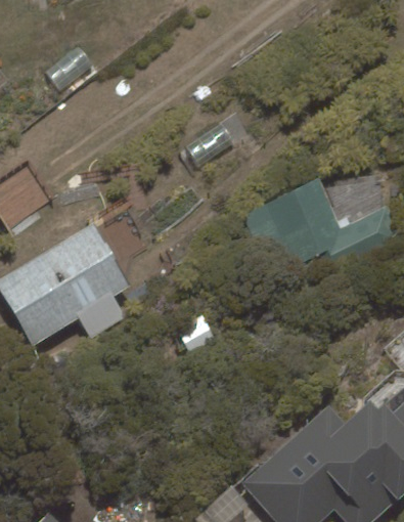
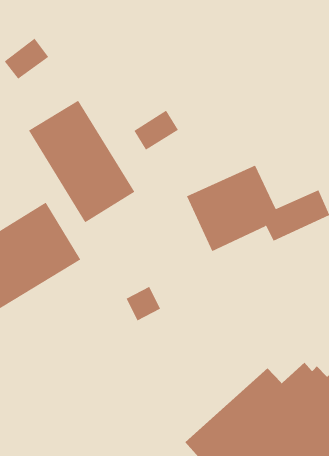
building: none -> [28,100,135,223]

